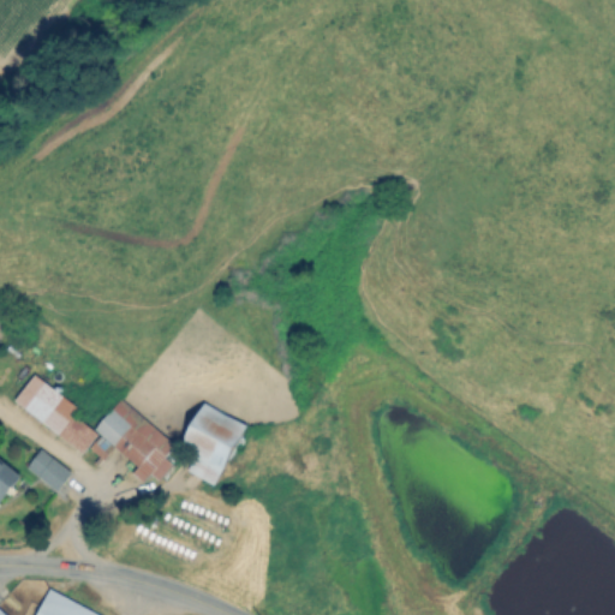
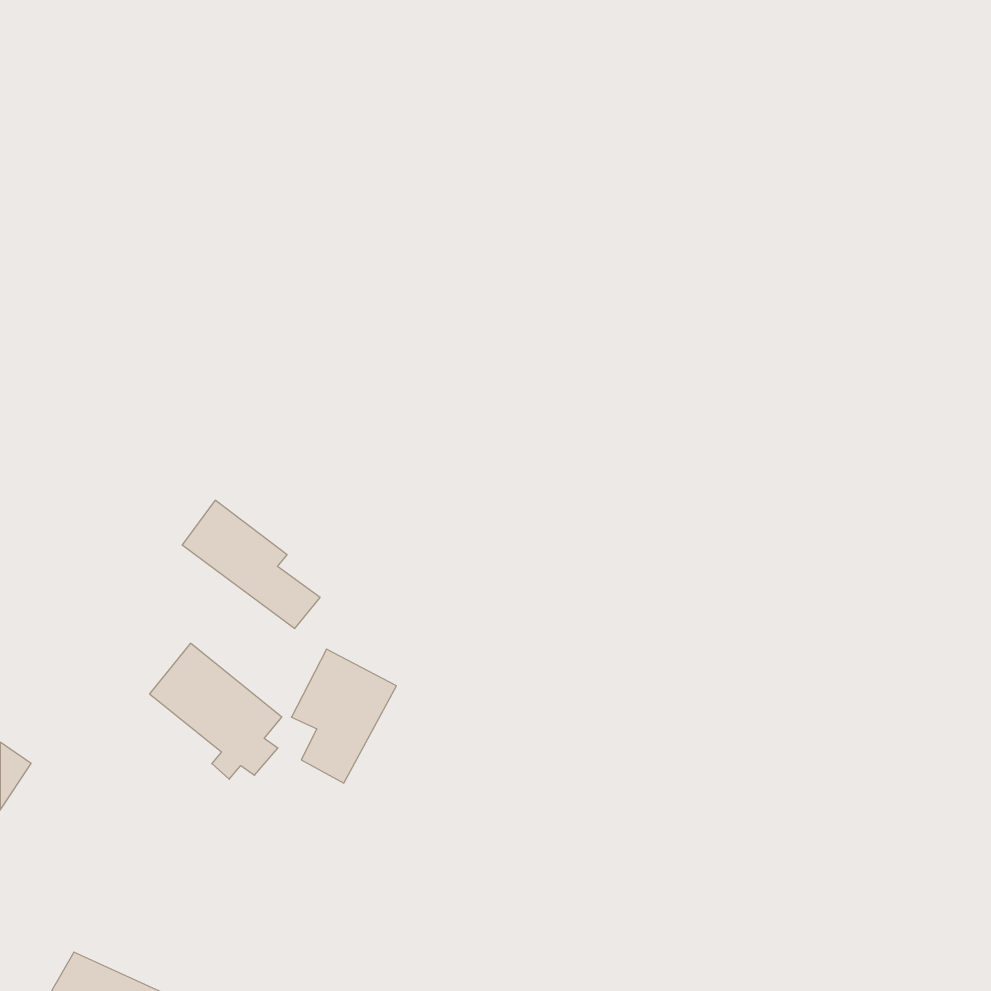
building: [13,374,98,453] -> [182,500,320,629]
building: [25,449,71,491] -> none

